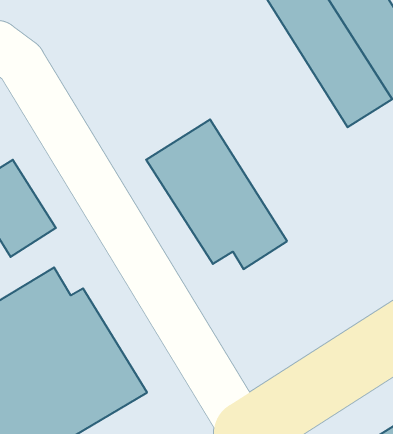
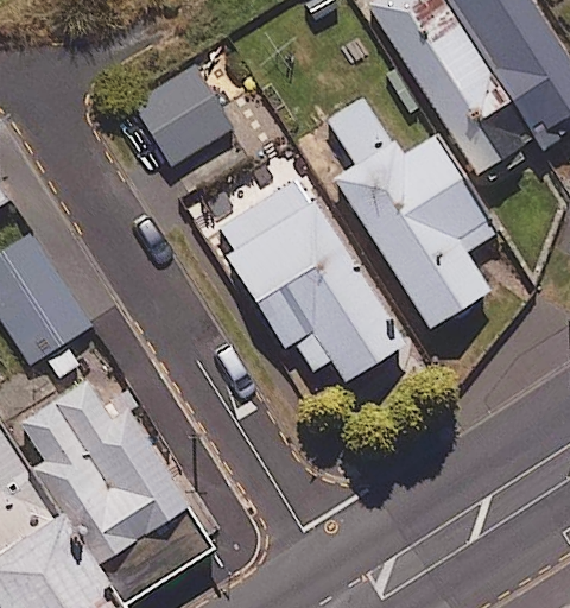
building: none -> [128,64,248,190]
building: none -> [328,97,496,327]

